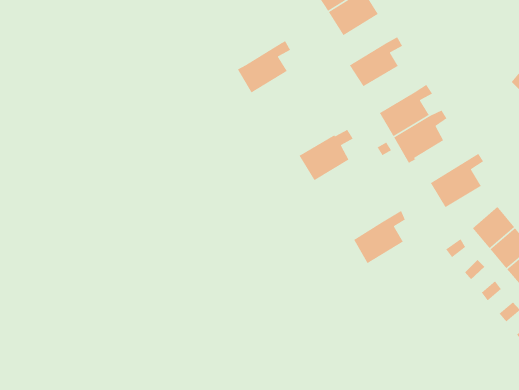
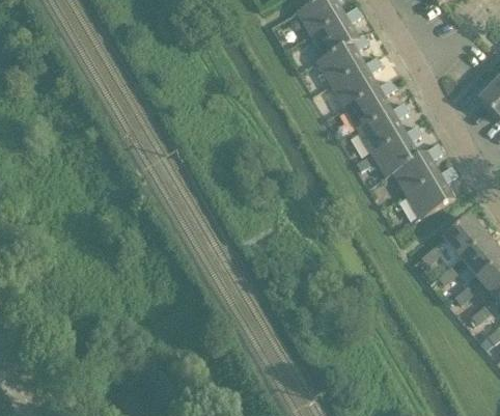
building: [237,40,291,93] -> [315,33,366,83]
building: [299,129,354,181] -> [342,79,394,128]
building: [353,210,406,264] -> [391,142,441,193]

